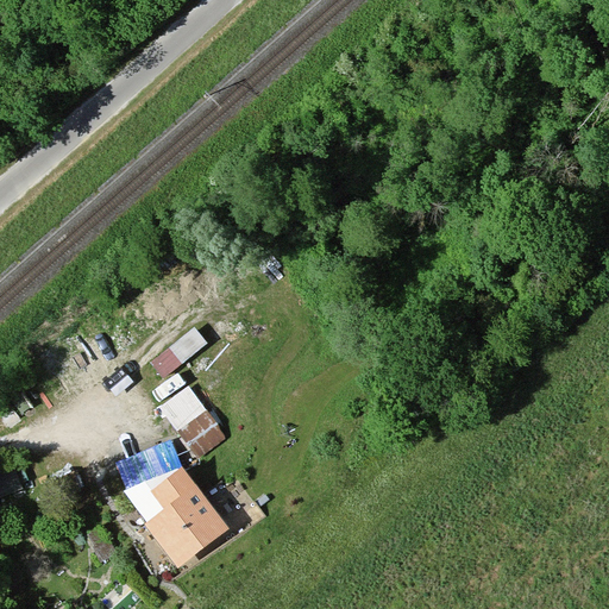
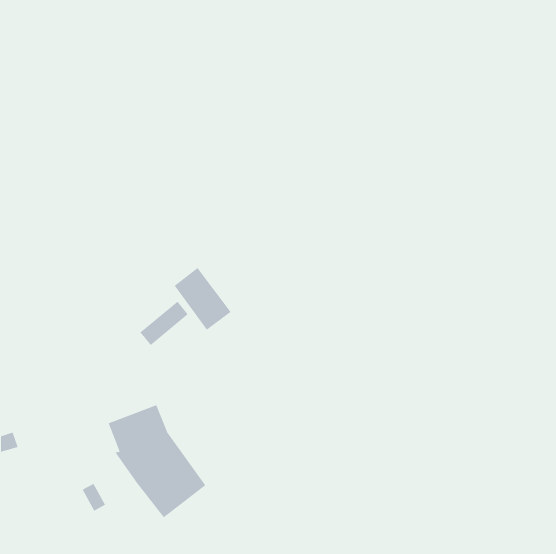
building: [164,387,227,456] -> [174,267,232,330]

